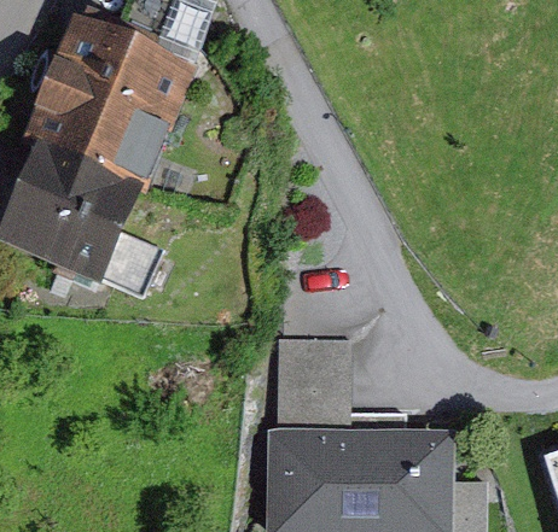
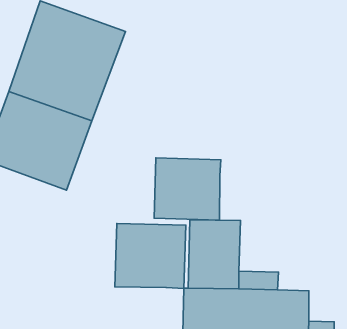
building: none -> [154,158,221,220]
building: none -> [115,224,186,288]

